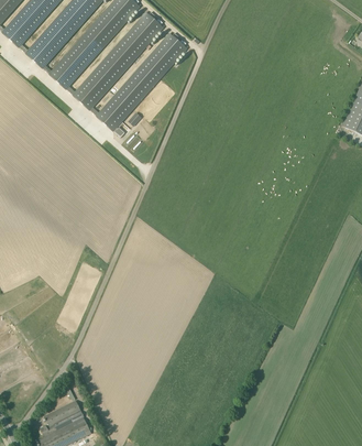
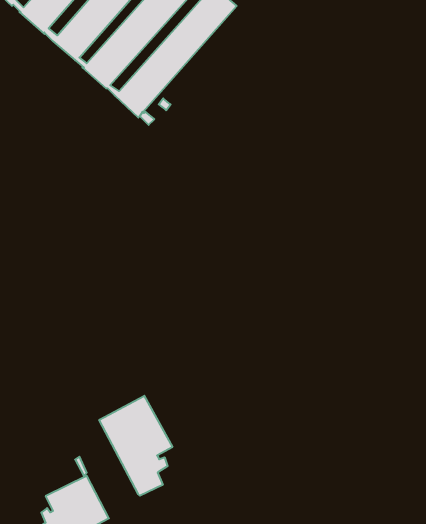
building: none -> [99,396,172,496]

